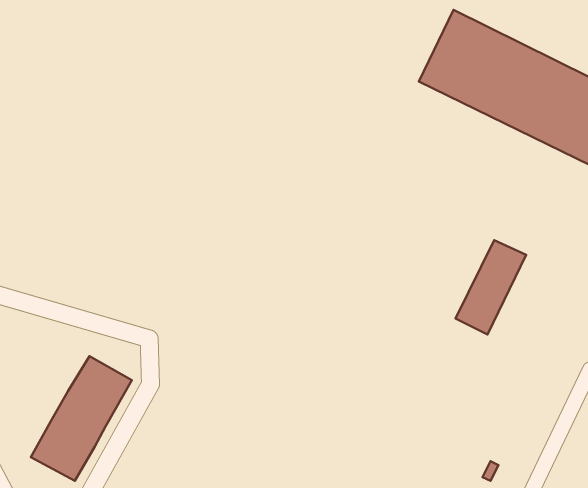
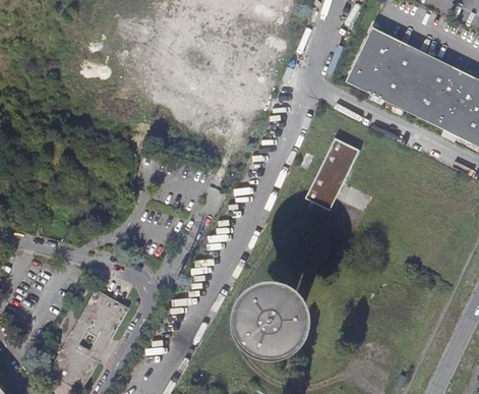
building: [456,240,526,334] -> [304,138,358,211]
building: none -> [236,283,316,363]

